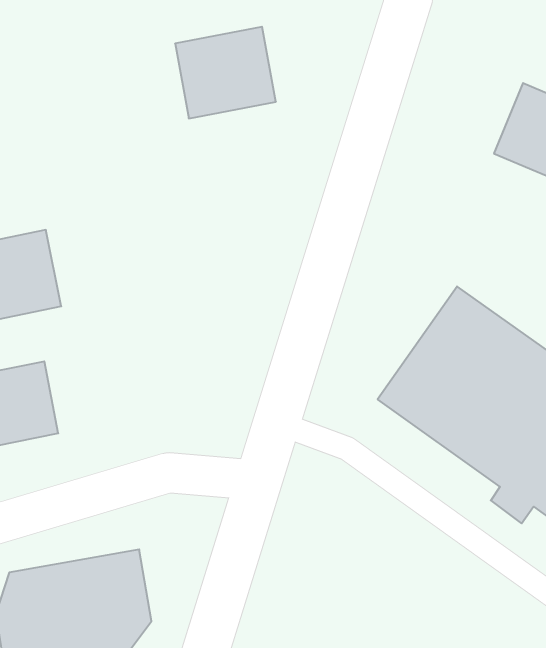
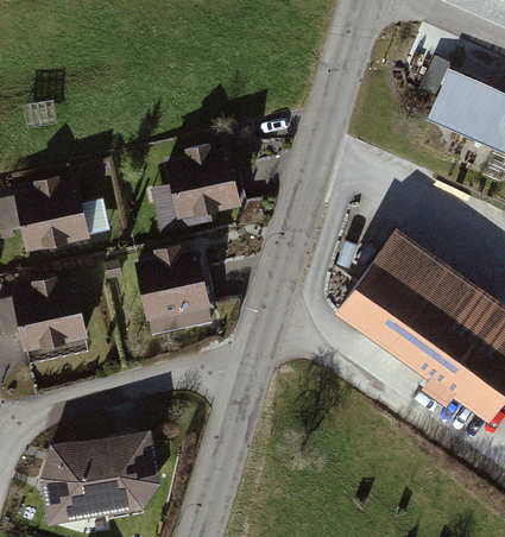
building: [175,27,276,118] -> [165,149,244,220]
building: none -> [135,249,216,322]

